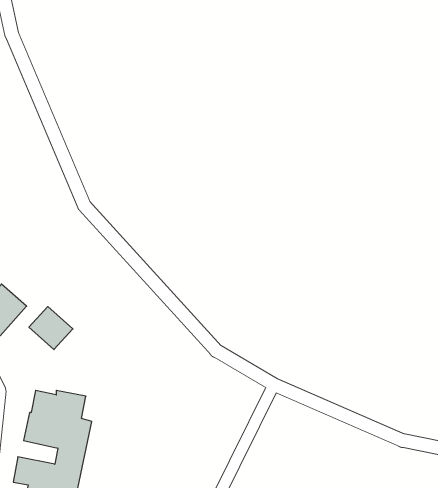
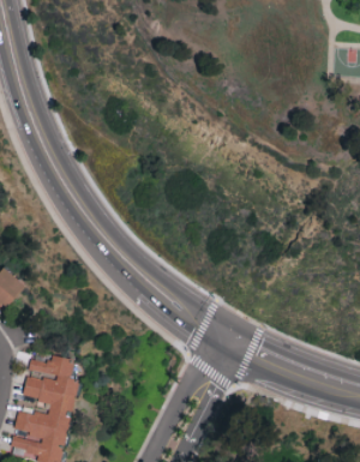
building: [29,307,73,350] -> none

